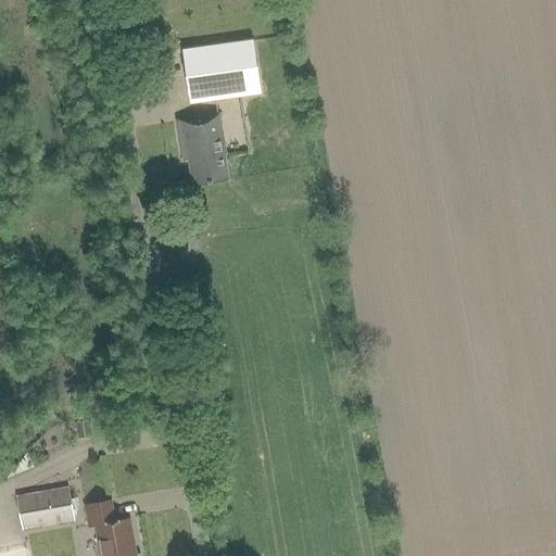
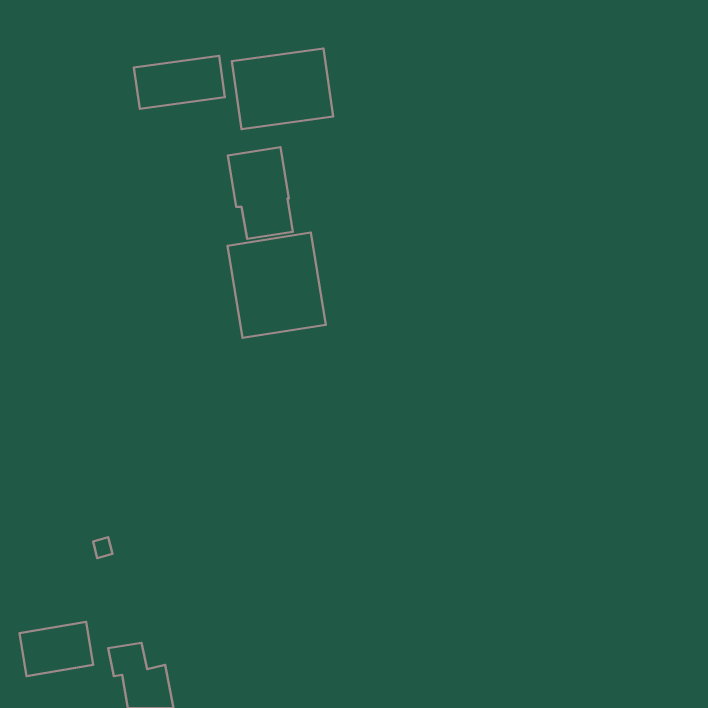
building: none -> [134,56,225,109]
building: none -> [228,233,326,338]

